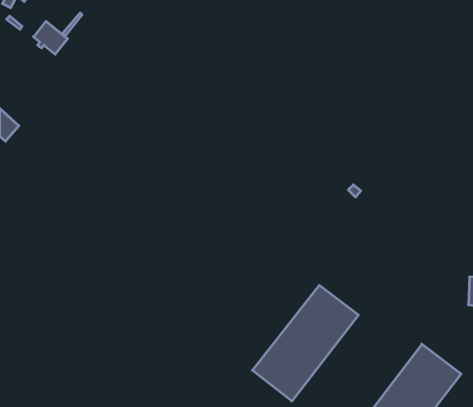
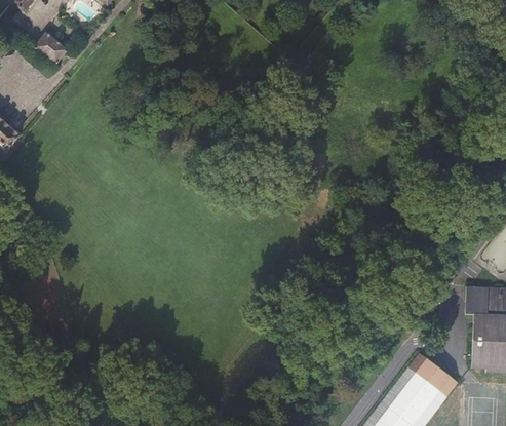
building: [252,285,358,401] -> none

